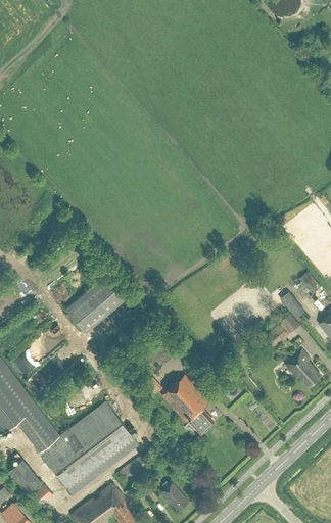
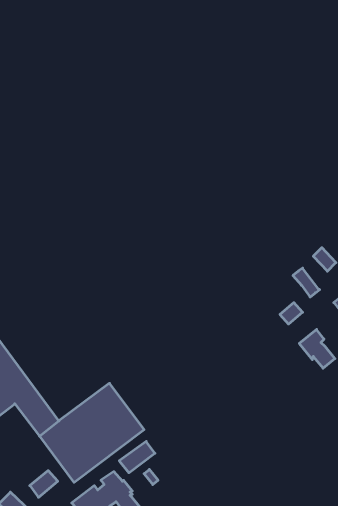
building: [64,273,127,332] -> none
building: [161,375,212,434] -> none
building: [7,459,39,492] -> none
building: [159,481,187,510] -> none

